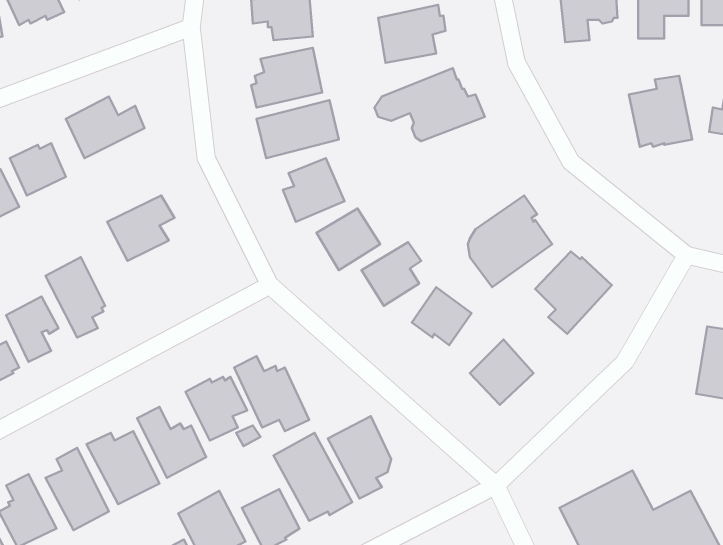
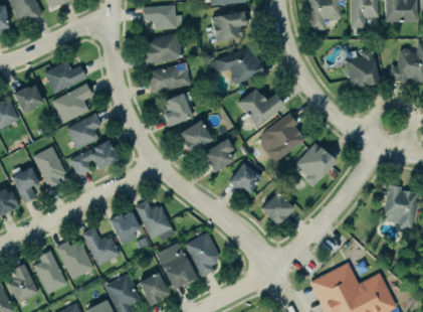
building: none -> [52,84,93,124]
building: none -> [237,89,286,129]
building: none -> [69,140,120,176]

